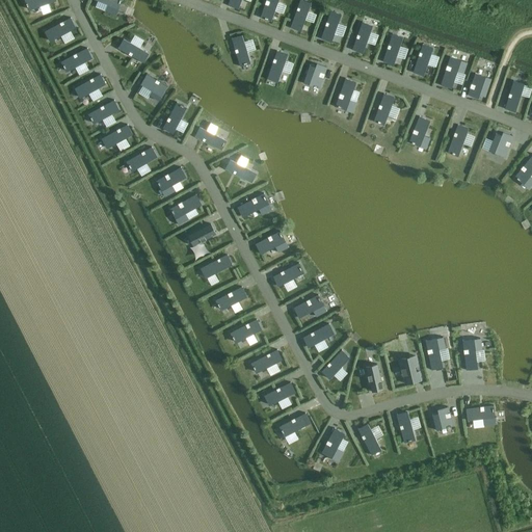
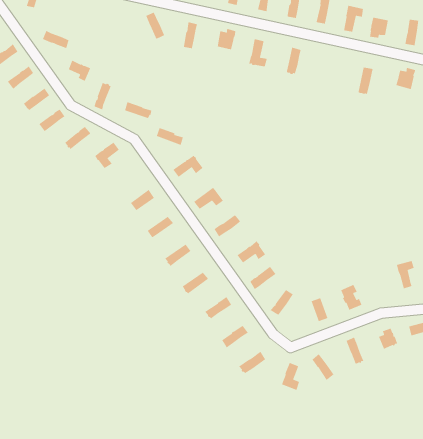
building: [408,116,430,149] -> none
building: [169,194,201,224] -> none
building: [425,337,446,370] -> none

